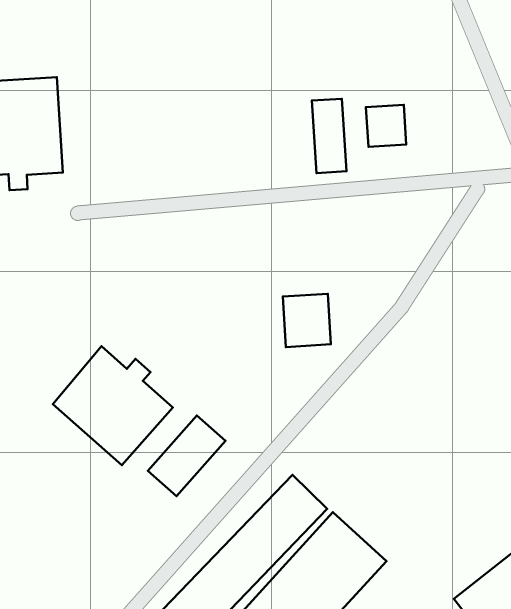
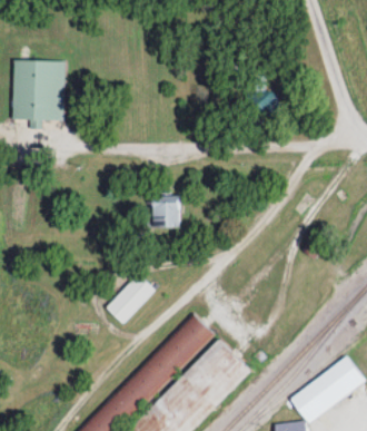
building: [312,99,346,173] -> none
building: [283,294,331,347] -> [151,196,179,227]
building: [53,346,173,465] -> none

